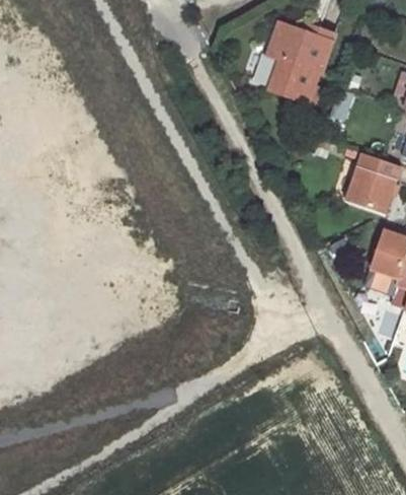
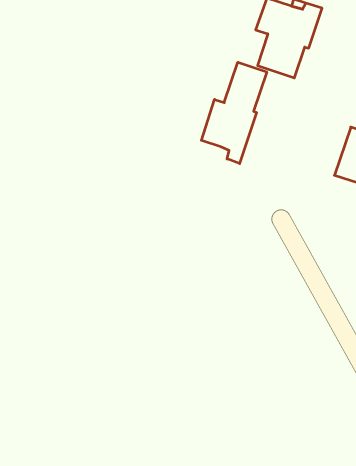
building: none -> [201,62,267,164]

